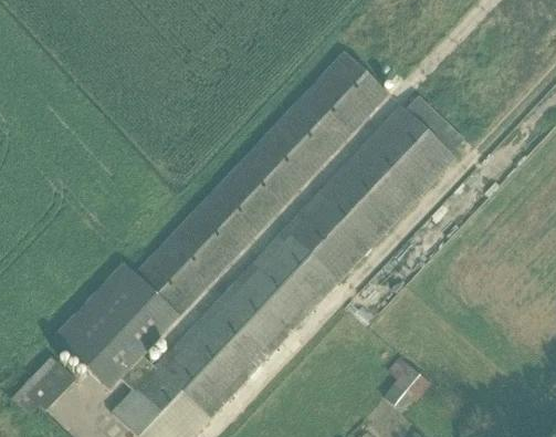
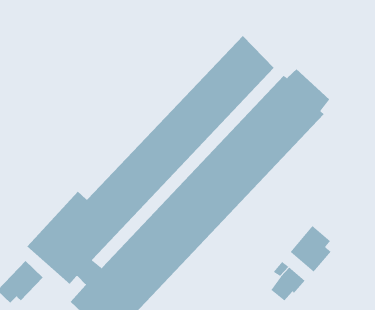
building: none -> [290,225,331,272]

